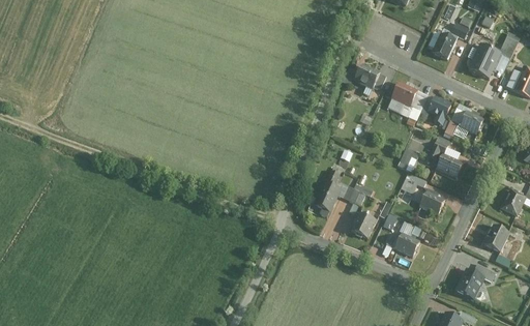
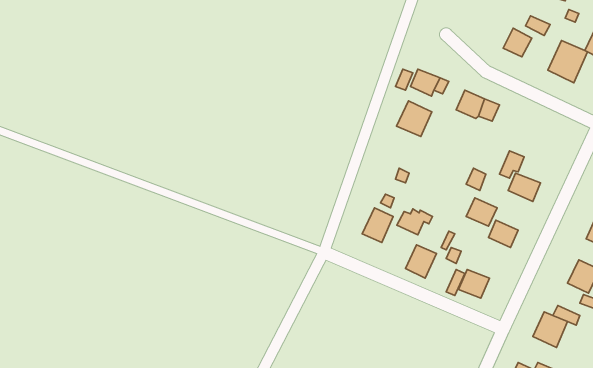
building: none -> [396,101,432,137]
building: [425,94,451,126] -> none
building: [446,108,484,137] -> none

